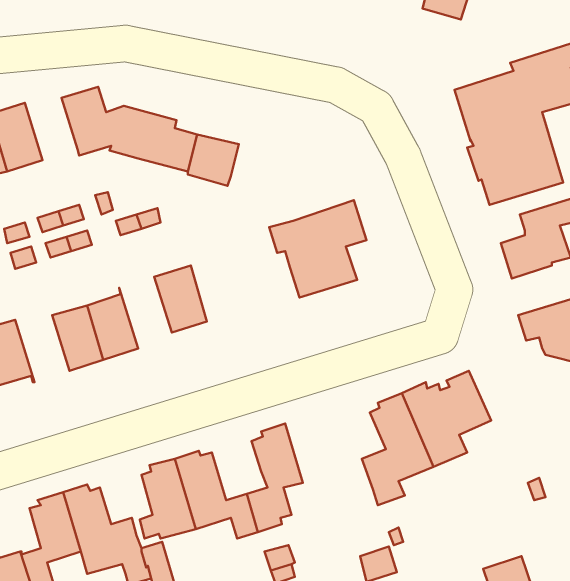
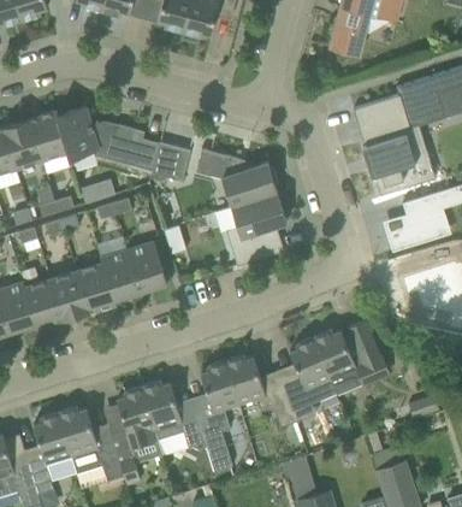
building: none -> [29,111,69,161]
building: none -> [195,148,277,207]
building: none -> [100,249,140,303]
building: none -> [22,278,63,329]
building: none -> [225,354,295,428]

